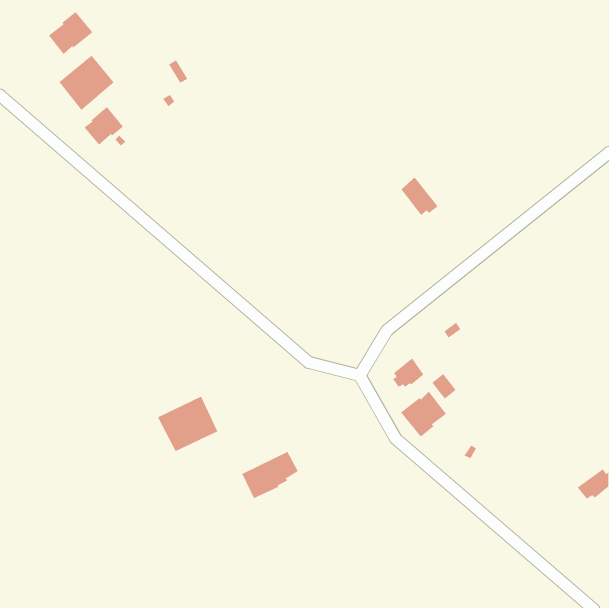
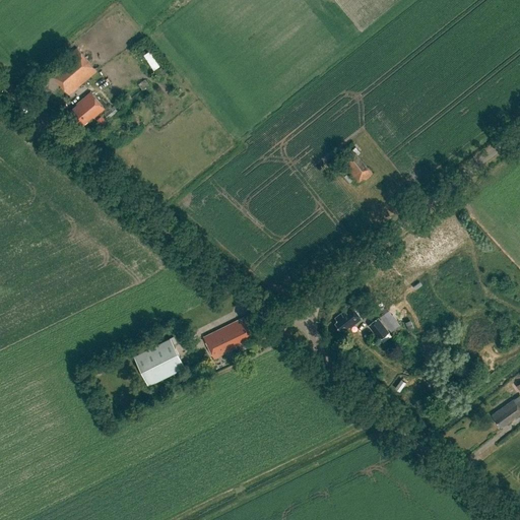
building: [48,11,93,55] -> none
building: [400,391,447,437] -> none
building: [241,451,299,499] -> [204,318,253,359]

